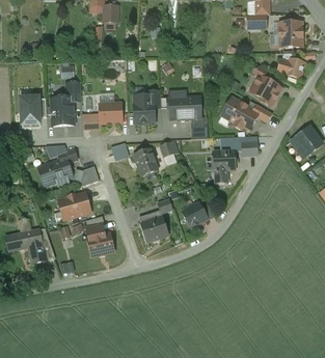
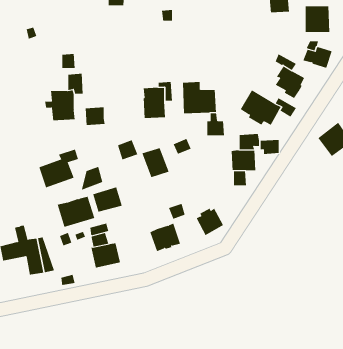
building: [21,95,40,128] -> none
building: [100,103,121,122] -> none
building: none -> [93,187,122,212]

